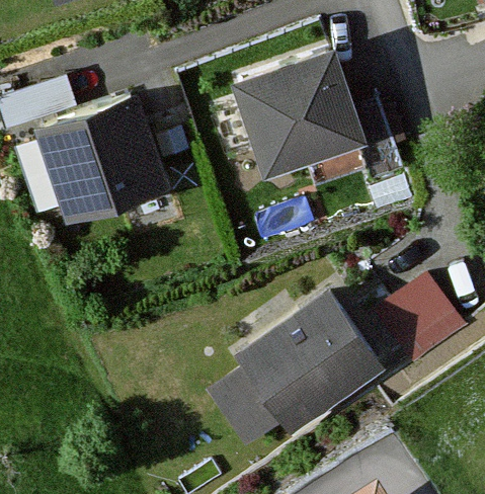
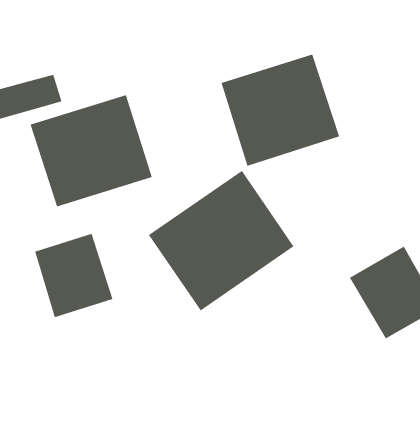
building: none -> [34,233,113,318]
building: [224,287,377,435] -> [148,170,294,312]

